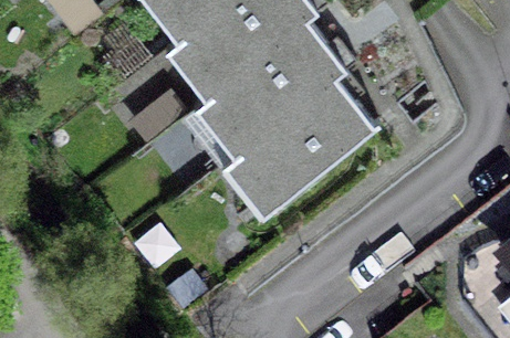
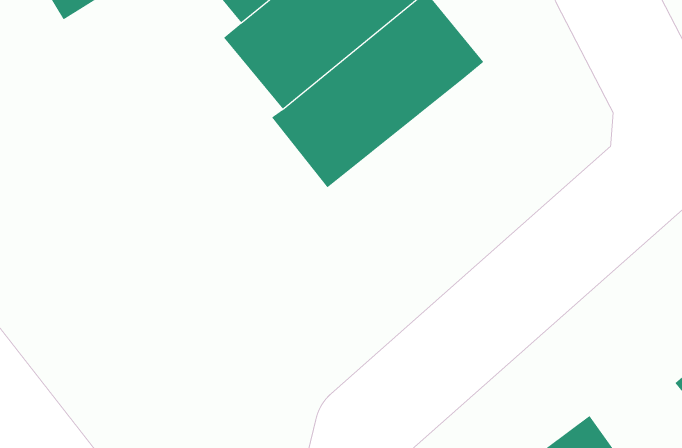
building: [226,81,373,216] -> none

